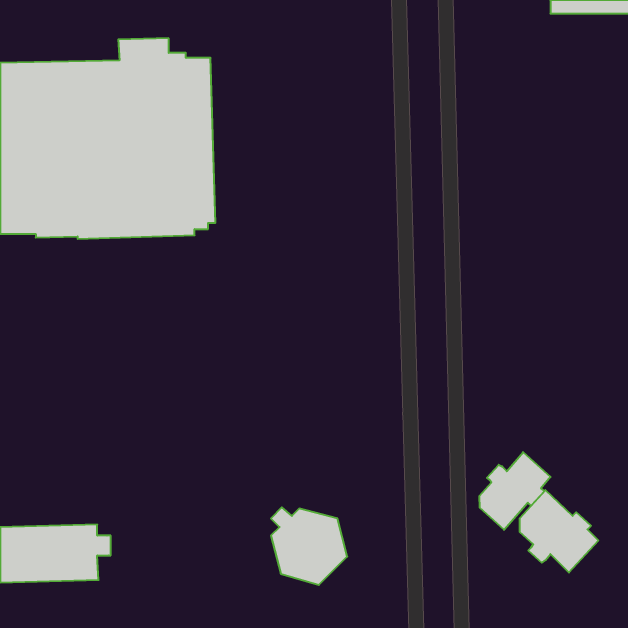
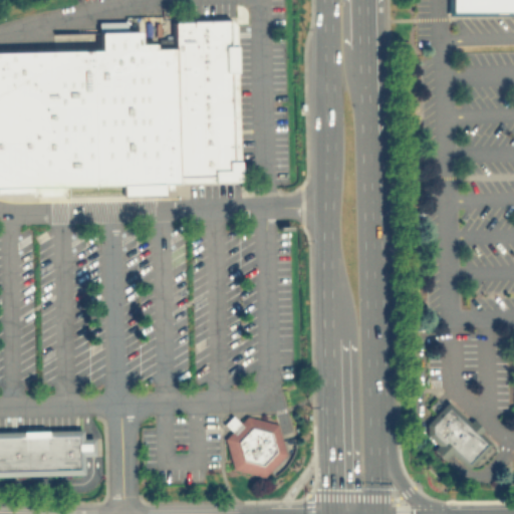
building: none -> [172,20,237,183]
building: [480,452,551,530] -> none

